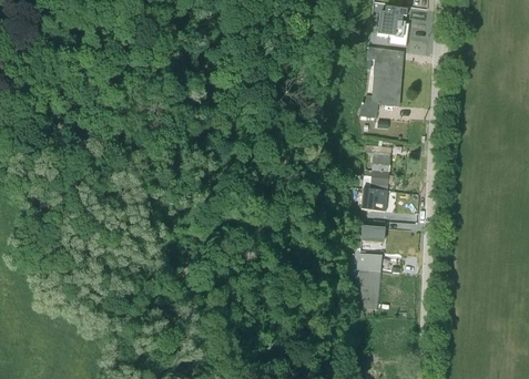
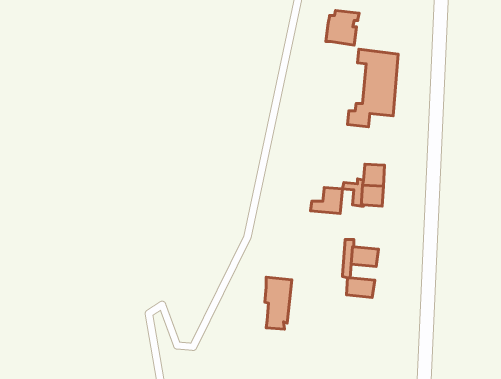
building: [376,8,406,39] -> [326,11,359,45]
building: [359,186,388,209] -> [311,187,343,213]
building: [355,267,379,314] -> [265,277,292,329]

